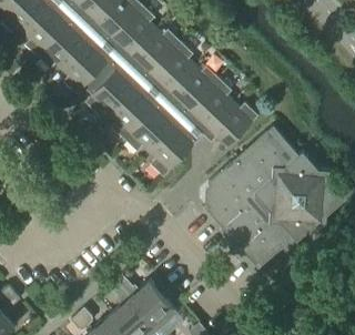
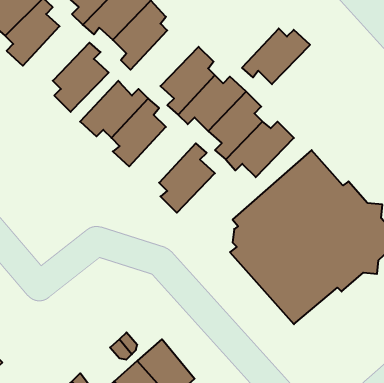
building: [38,26,92,70] -> none
building: [125,29,181,74] -> [242,28,310,84]
building: [124,108,179,153] -> none

